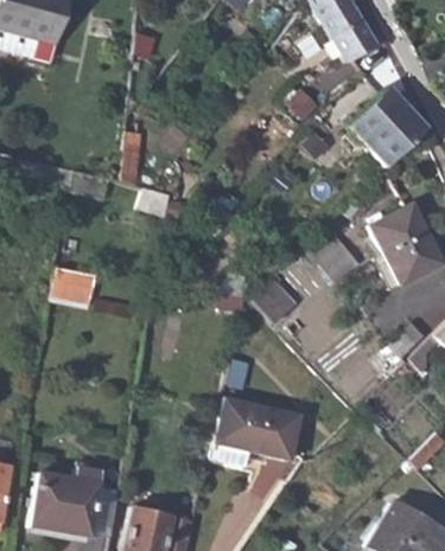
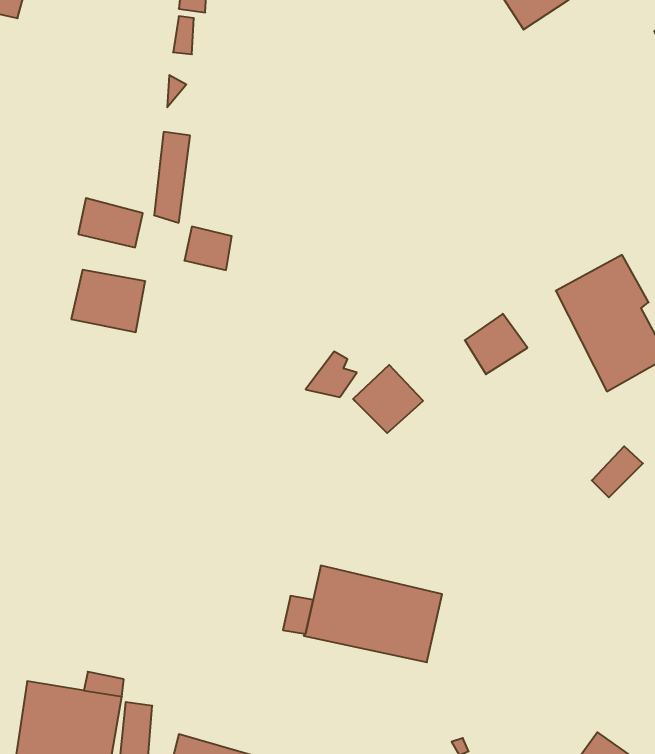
building: [362,85,426,152] -> none
building: [52,264,98,303] -> [71,270,145,332]

